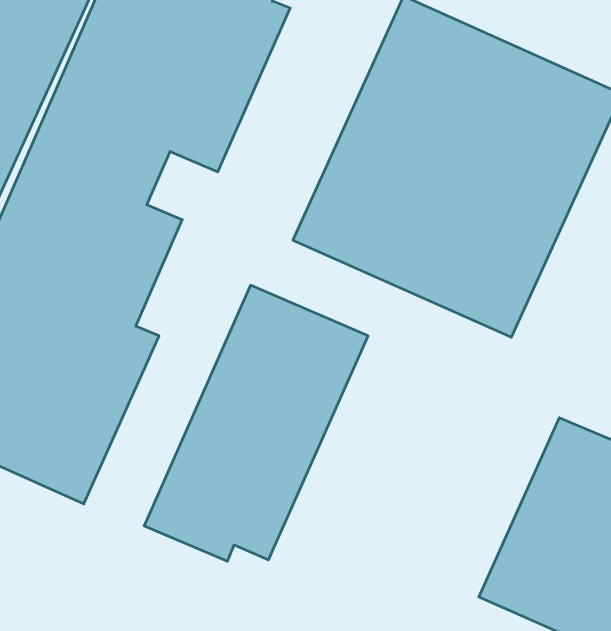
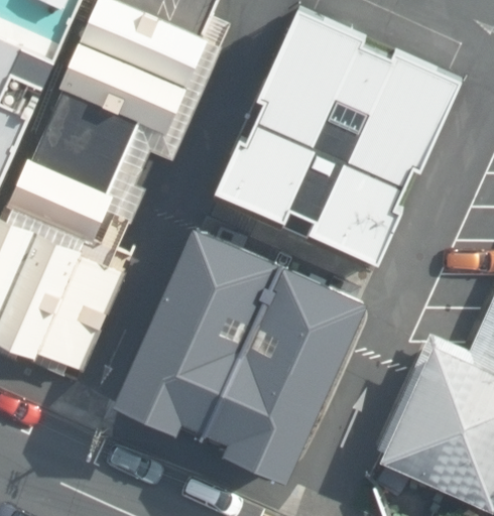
building: none -> [209,268,362,482]

